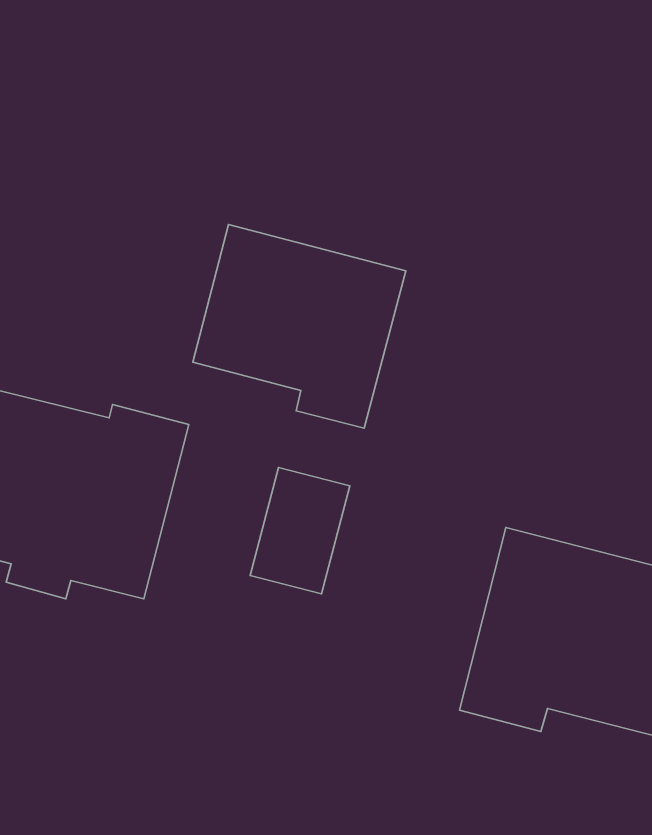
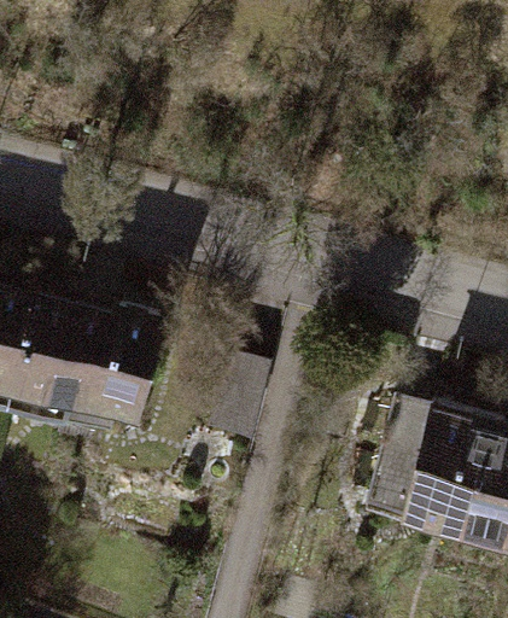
building: [193,224,406,428] -> none

